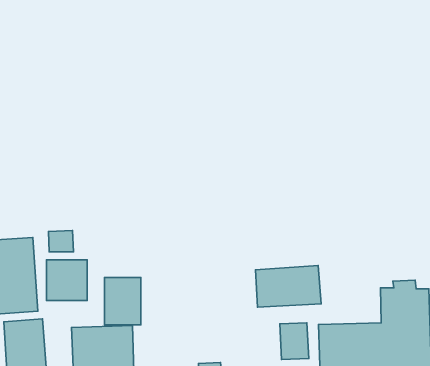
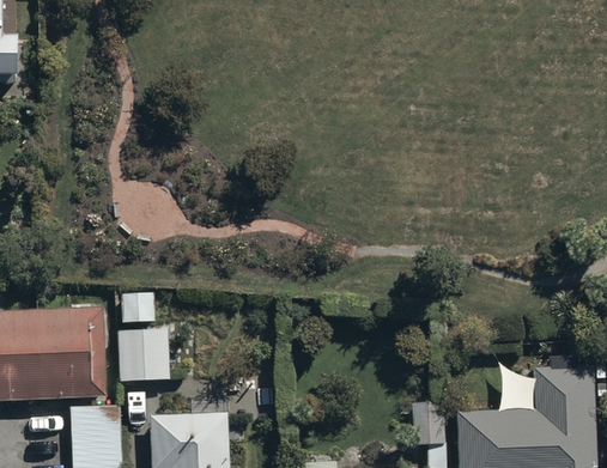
building: [256,265,321,307] -> none
building: [105,278,141,325] -> none

